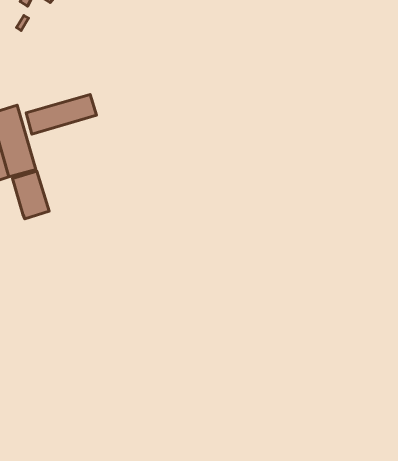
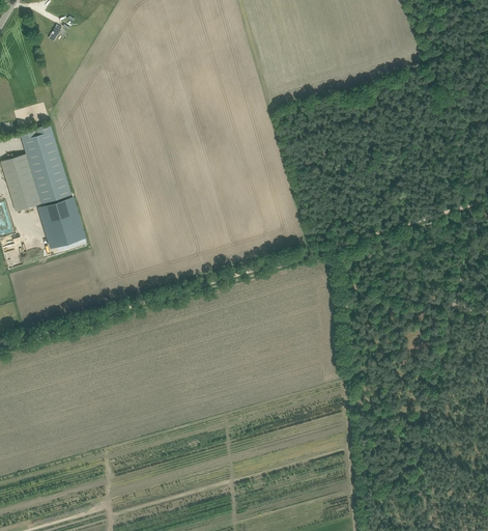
building: [26,94,97,134] -> none

